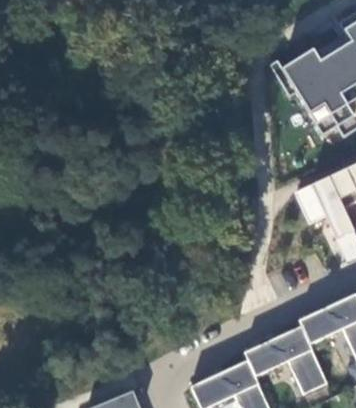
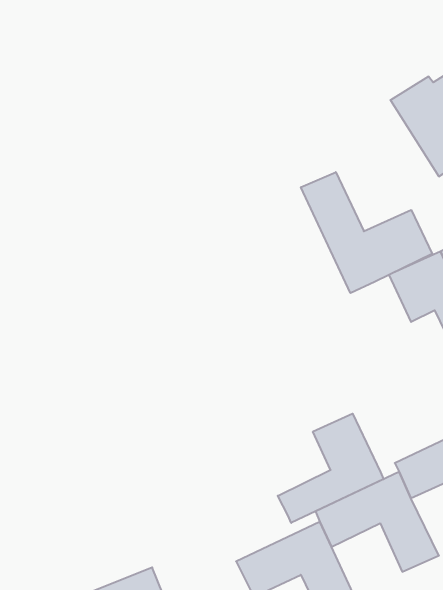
building: none -> [301,172,432,293]
building: none -> [278,414,384,523]

